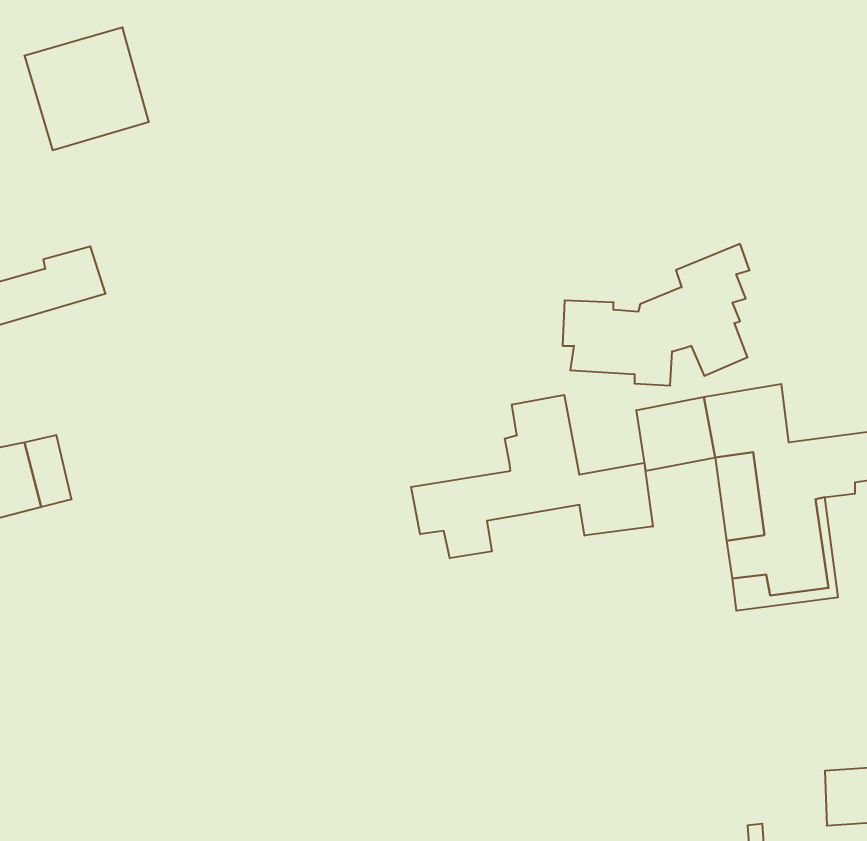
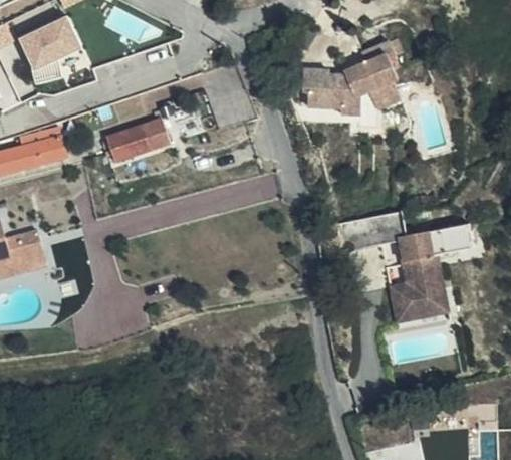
building: none -> [104,120,167,161]
building: [563,244,750,385] -> [299,40,399,116]
building: [411,395,653,558] -> none

